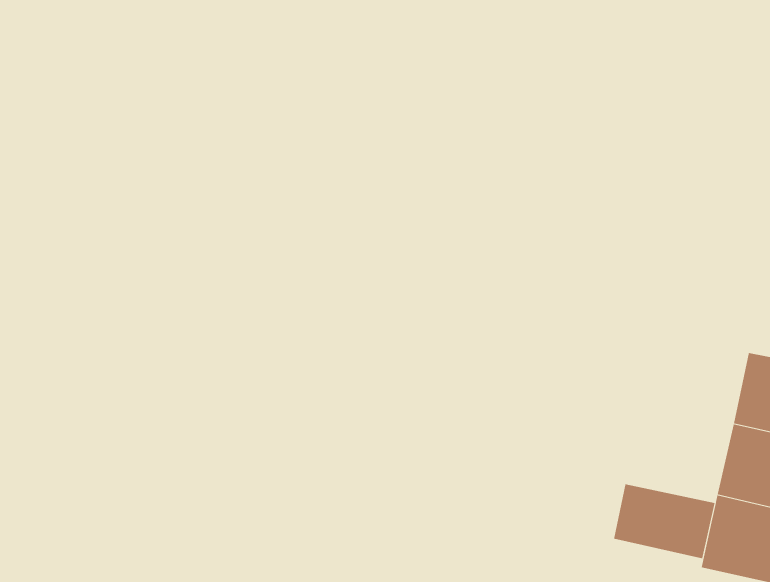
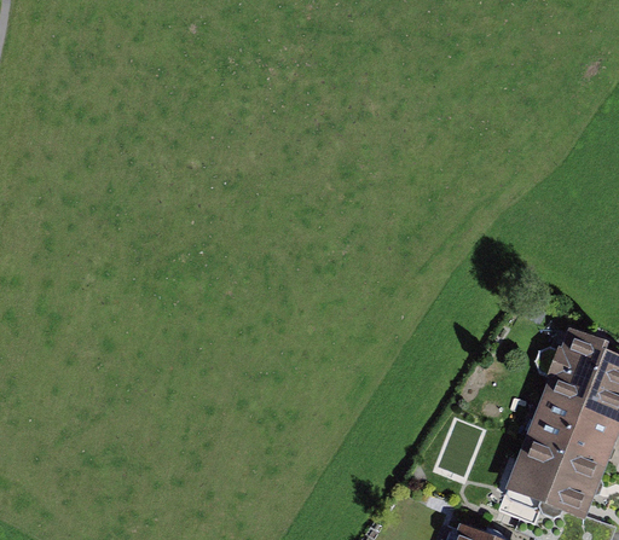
building: [613,484,715,559] -> none

